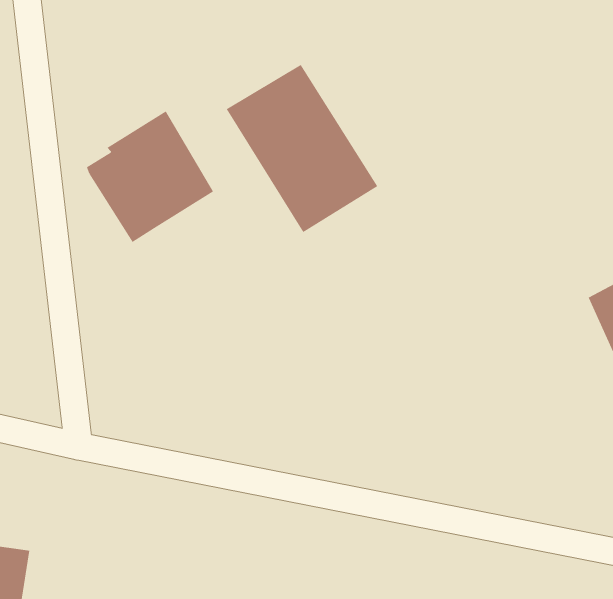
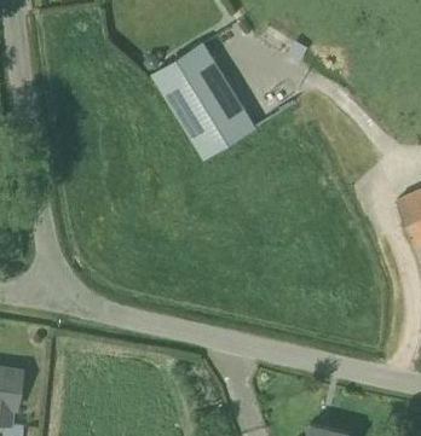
building: [86,111,214,243] -> none

